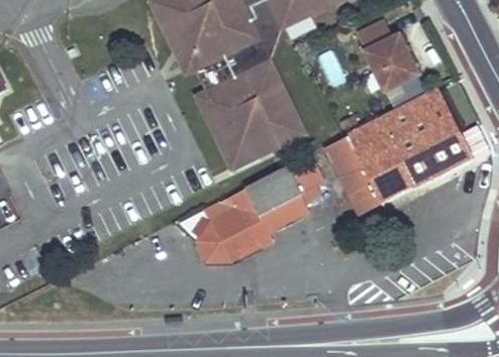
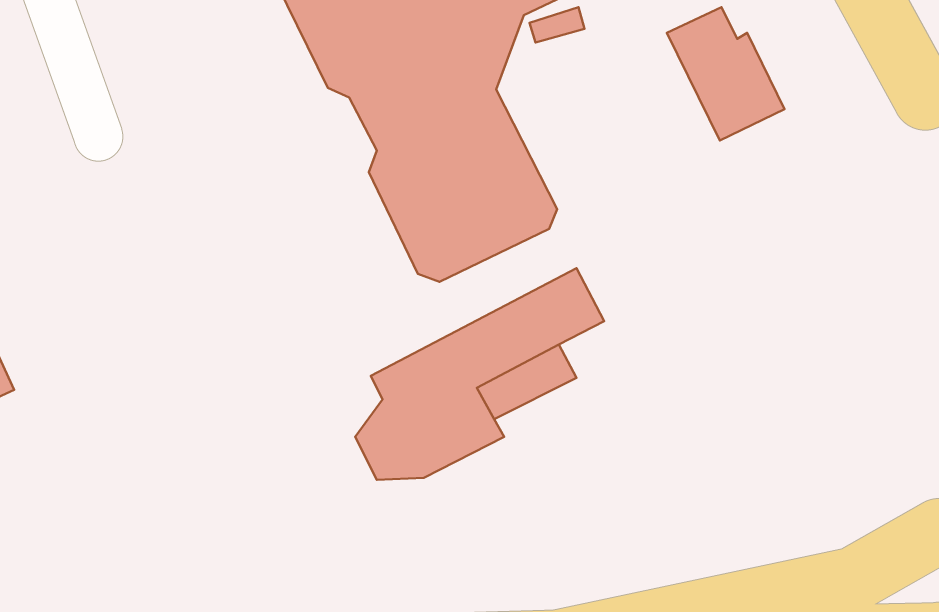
building: [324,89,471,213] -> none

